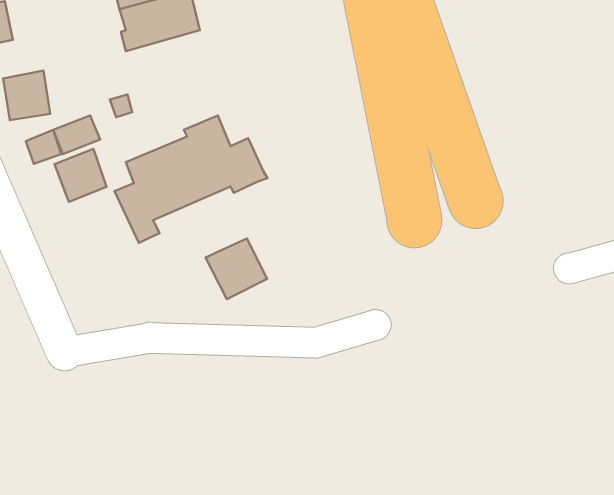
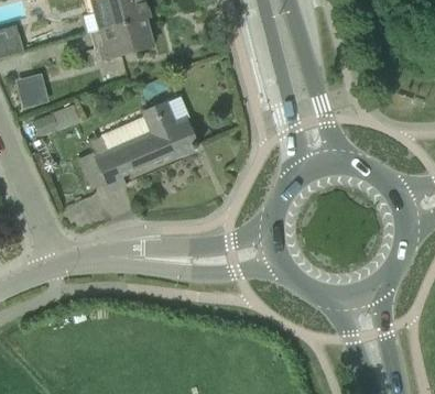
building: [54,149,106,202] -> none
building: [205,239,267,299] -> none

